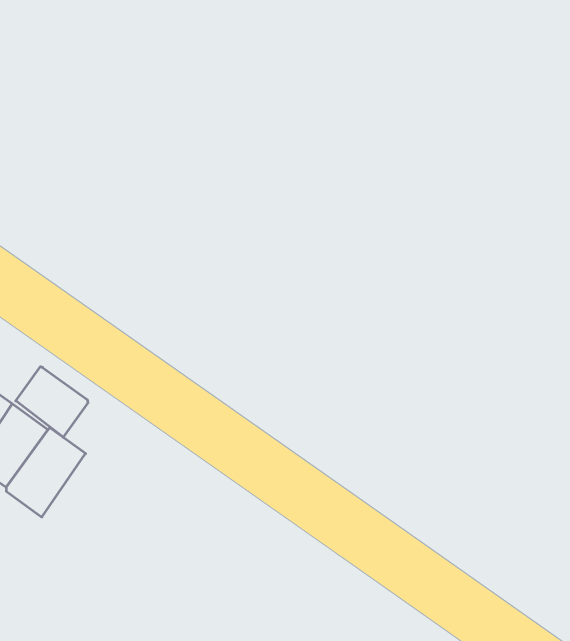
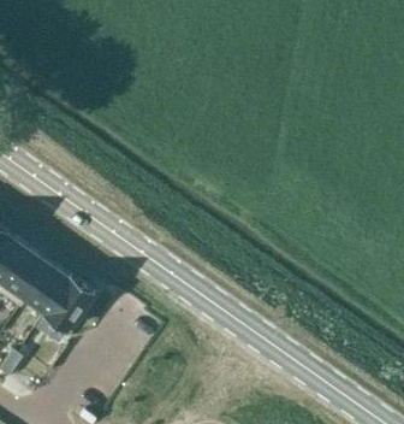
building: [16,367,88,437] -> none

